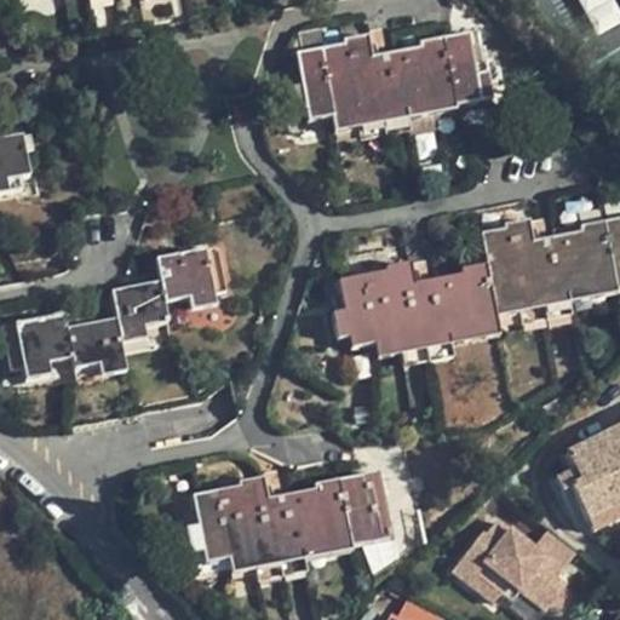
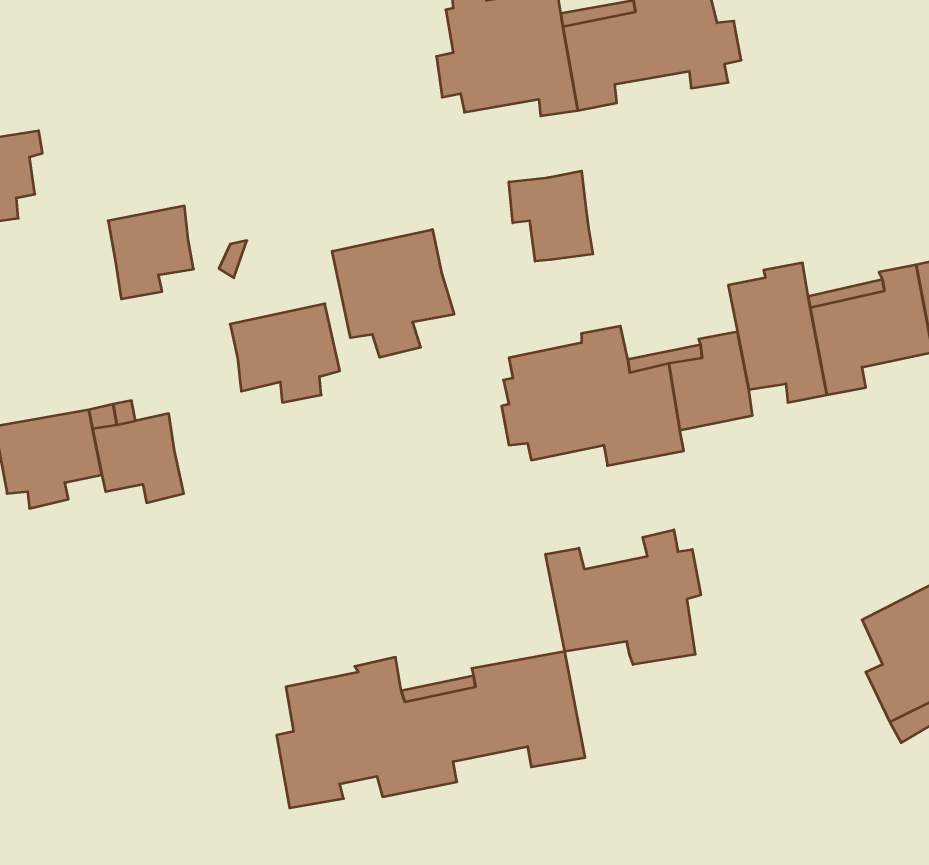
building: none -> [509,171,593,261]
building: none -> [332,229,454,357]
building: [111,281,167,341] -> [108,206,194,299]
building: none -> [546,530,701,665]
building: [457,516,575,604] -> none

